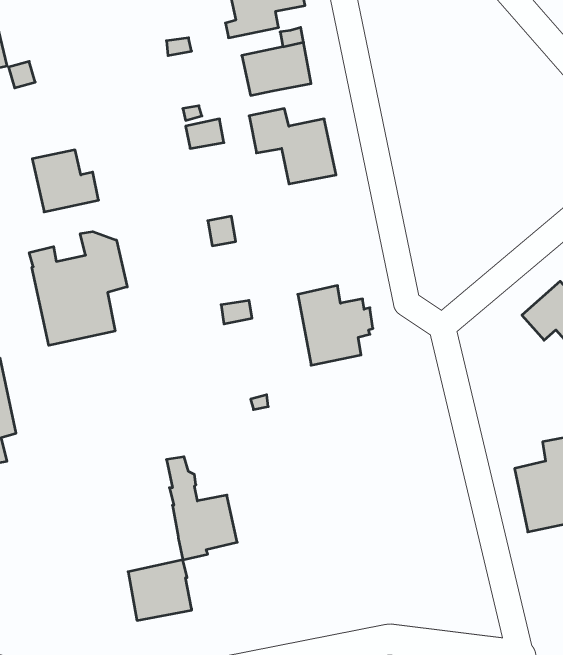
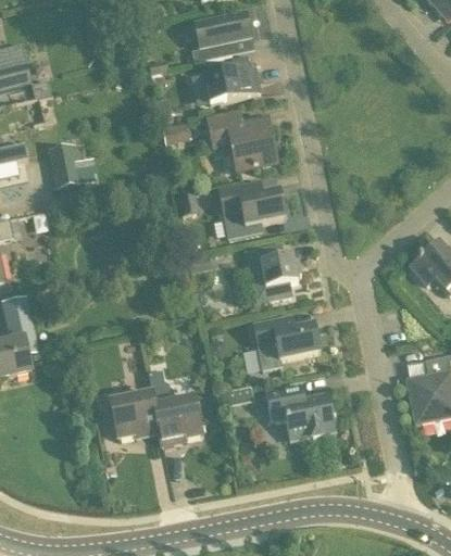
building: none -> [217,182,285,238]
building: [29,232,127,345] -> none
building: none -> [252,316,320,363]
building: none -> [264,383,335,440]
building: [128,560,192,620] -> [110,392,156,437]

